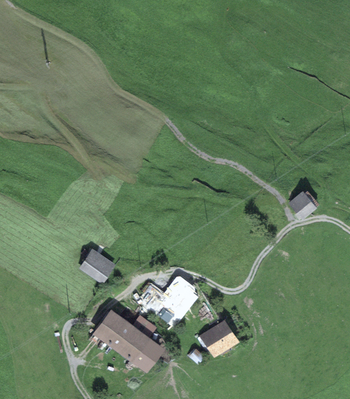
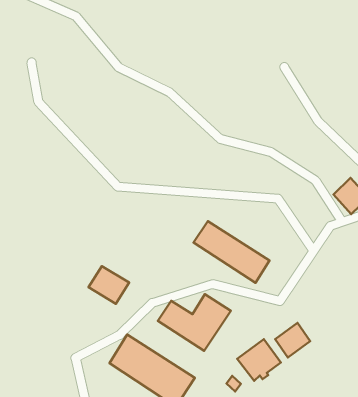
building: none -> [193,221,270,283]
building: none -> [275,323,310,357]

